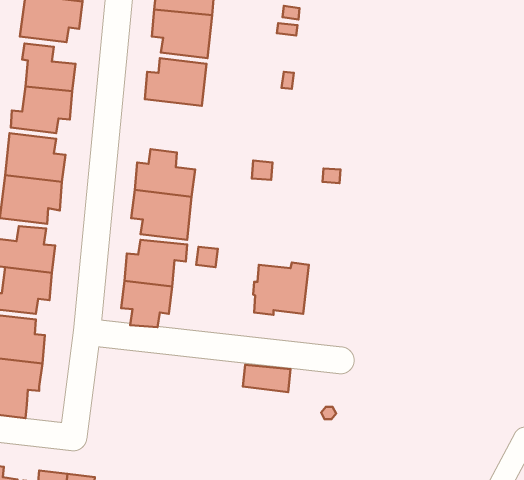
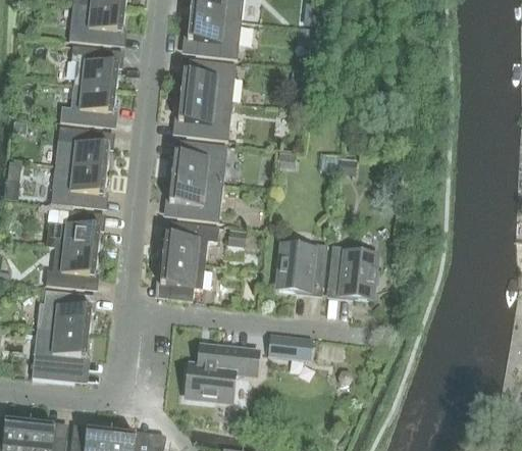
building: none -> [177,97,231,142]
building: none -> [327,246,376,299]
building: none -> [186,344,246,401]

